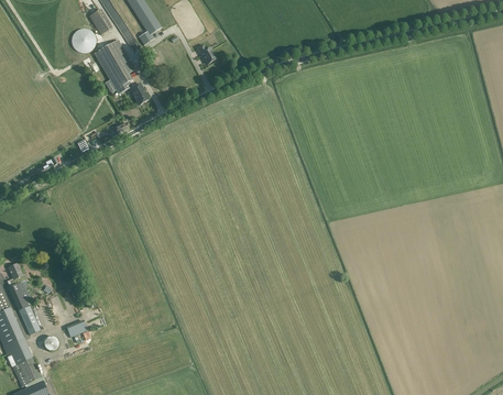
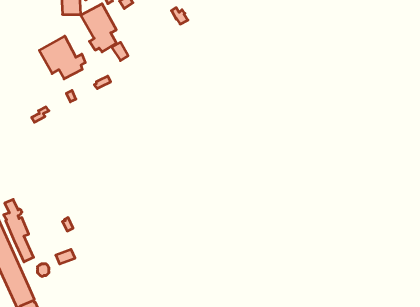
building: none -> [39,36,85,79]

